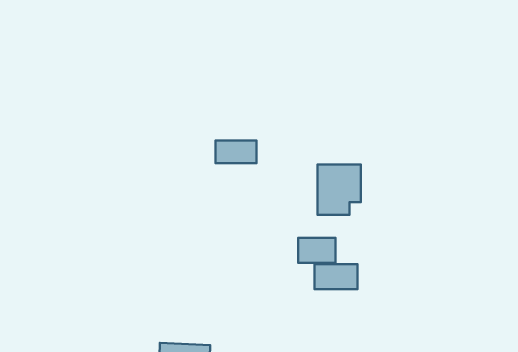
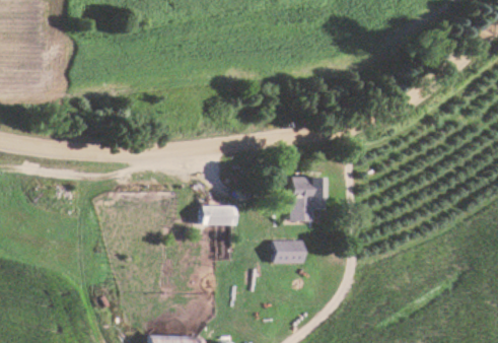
building: [215,140,256,163] -> [200,205,236,225]
building: [315,264,358,289] -> none

